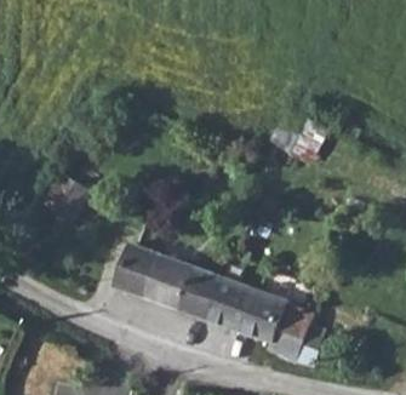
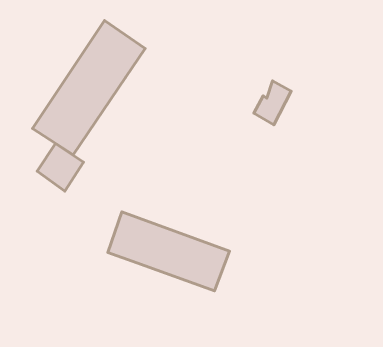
building: none -> [33,20,145,155]
building: [227,285,325,362] -> none

